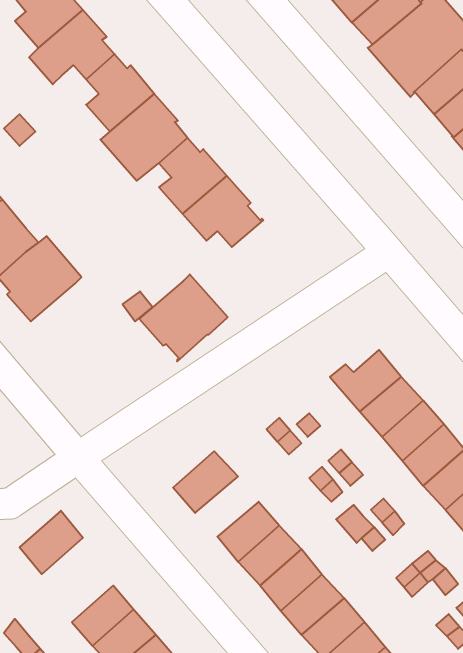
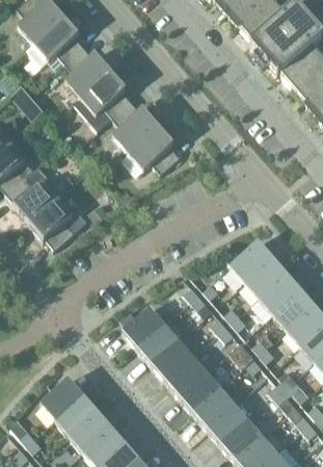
building: [139,274,228,361] -> [29,192,87,250]
building: none -> [137,323,179,363]
building: [20,511,83,574] -> [42,378,83,419]

